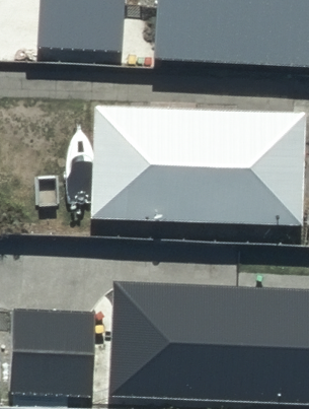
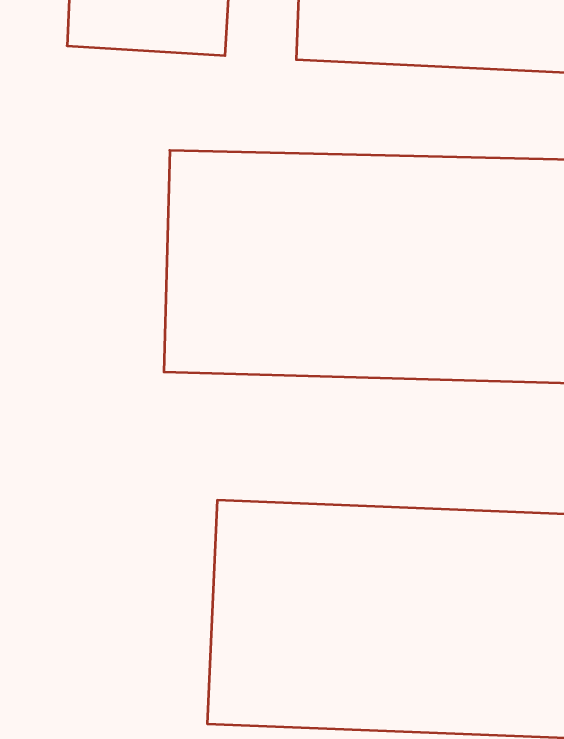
building: [10,312,94,401] -> none

